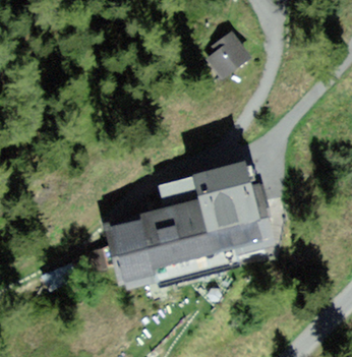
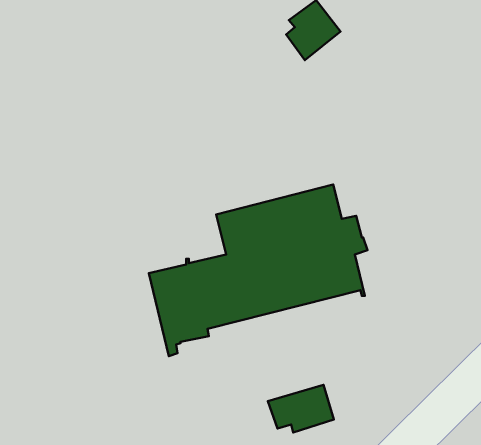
building: none -> [268,385,334,433]

